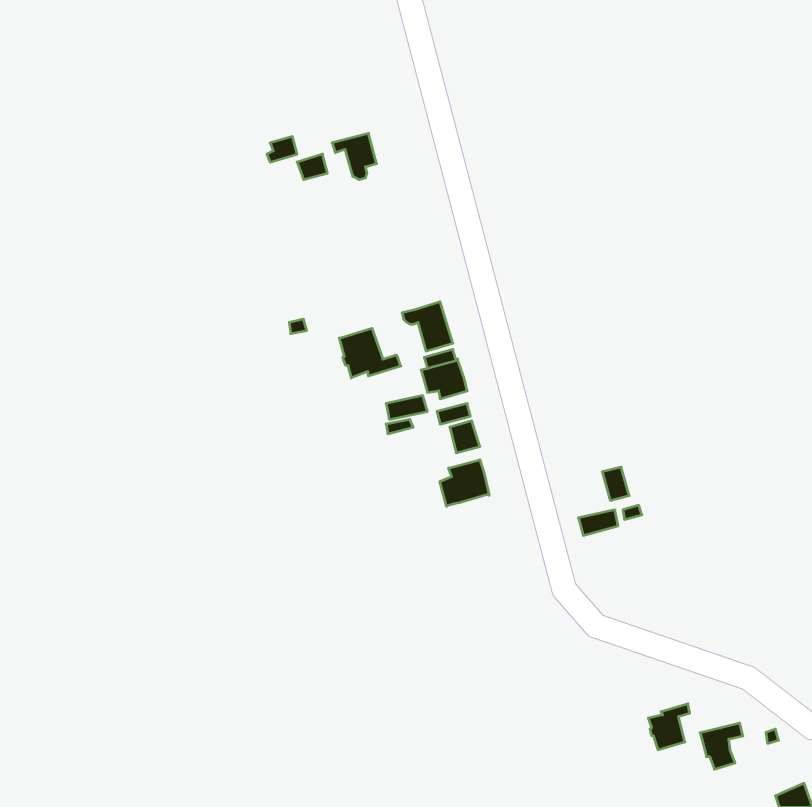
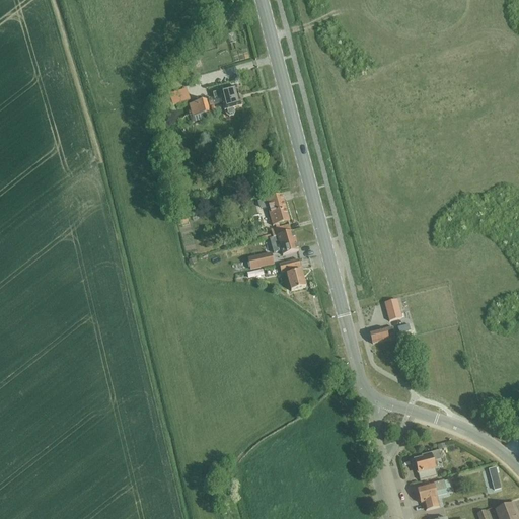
building: [339,328,401,378] -> none
building: [440,460,489,506] -> none
building: [700,723,743,769] -> [417,479,444,509]

